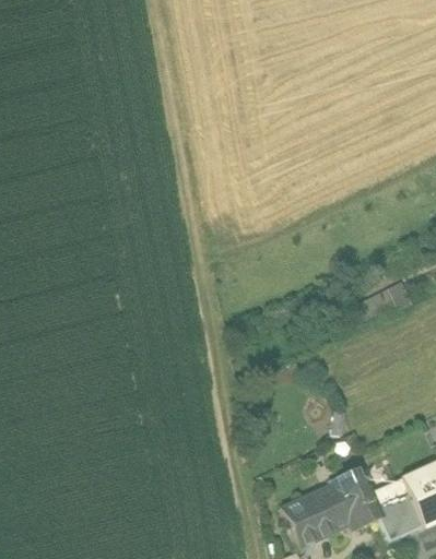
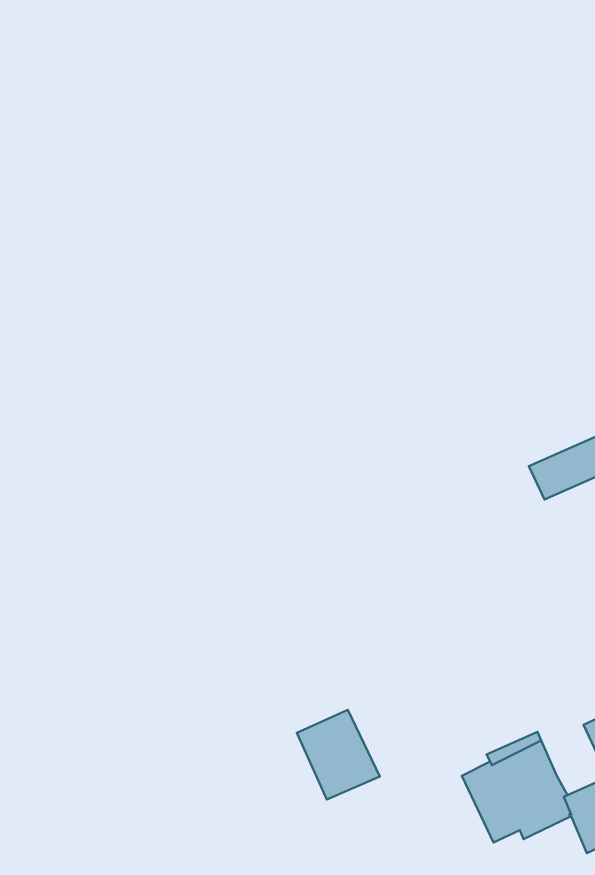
building: [283,491,334,547] -> [297,710,380,799]

